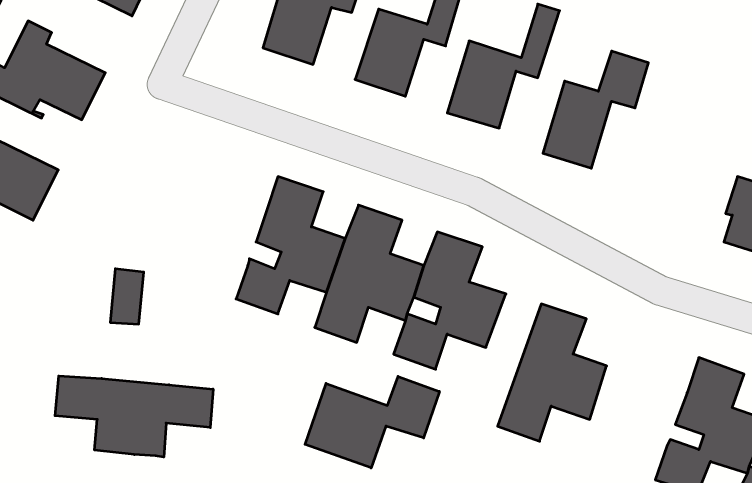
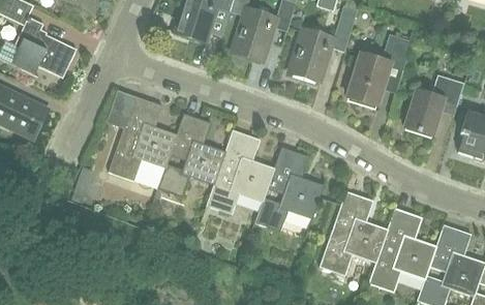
building: none -> [404,74,463,136]
building: none -> [108,89,176,181]
building: none -> [368,208,435,293]
building: [55,376,213,457] -> none
building: [305,376,439,468] -> none

